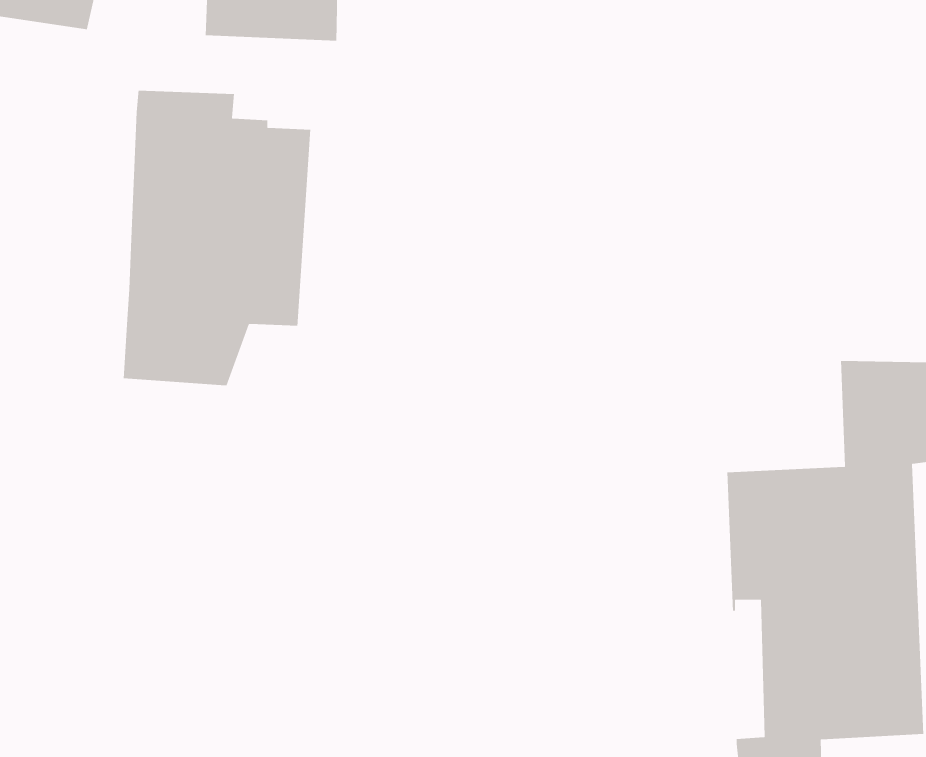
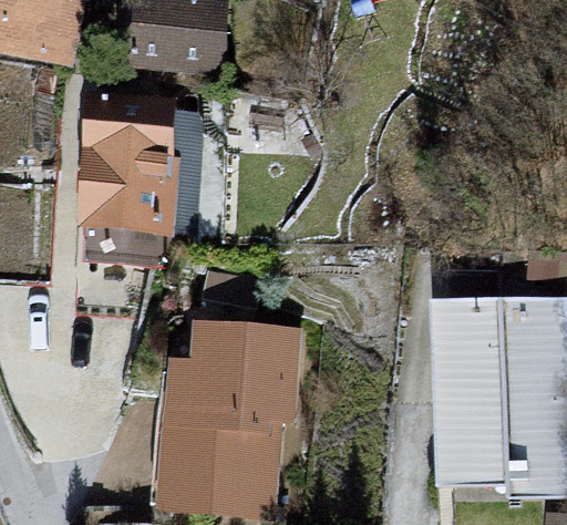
building: none -> [174,334,295,476]

